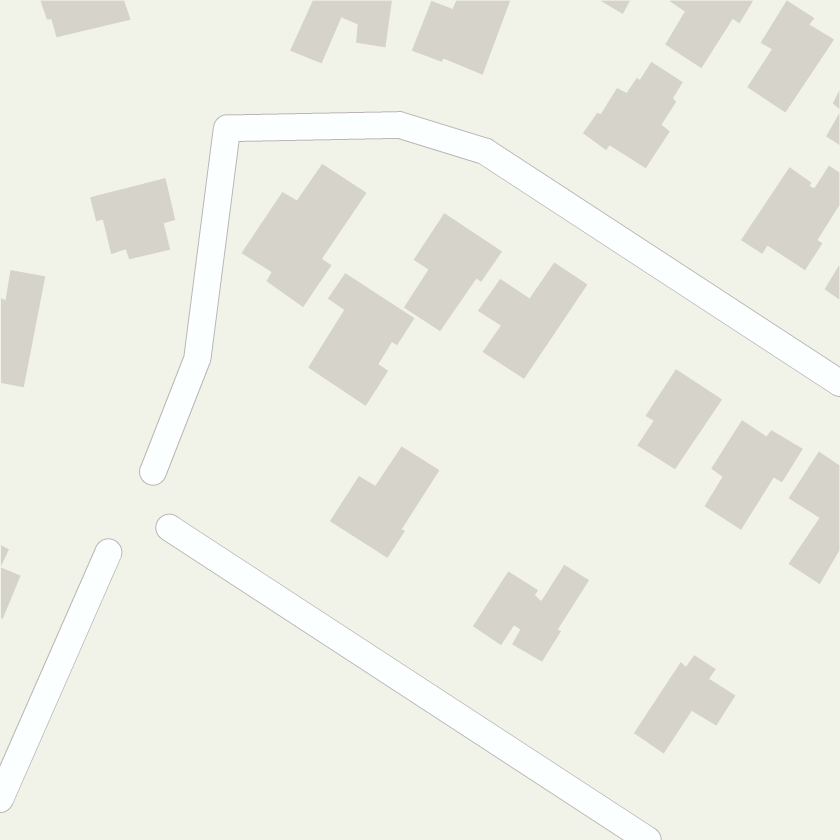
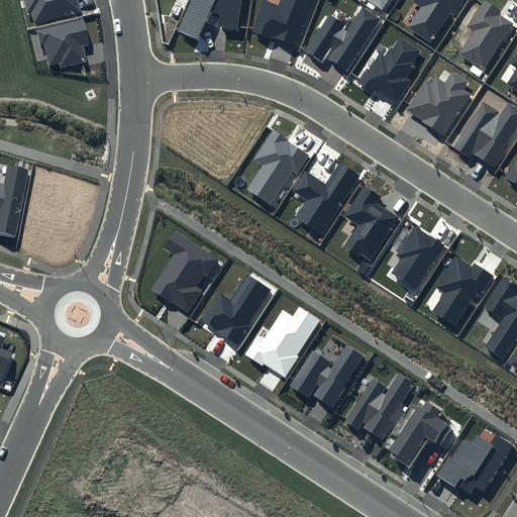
building: none -> [306,7,380,71]
building: none -> [406,72,471,135]
building: [241,163,368,308] -> none
building: [89,178,176,260] -> [36,18,90,69]
building: [307,272,416,407] -> [151,231,218,314]
building: none -> [343,186,399,261]
building: none -> [243,307,320,377]
building: none -> [345,374,414,439]
building: none -> [435,435,512,494]

